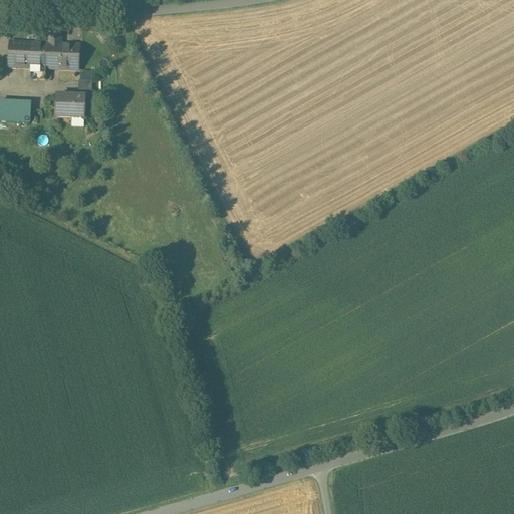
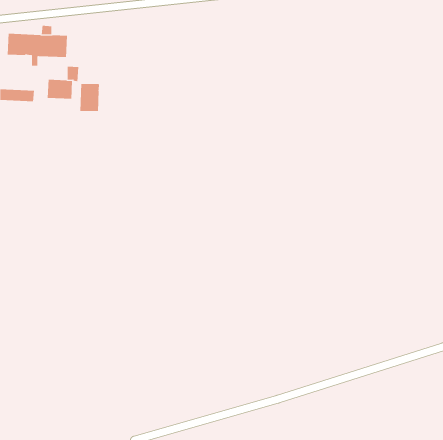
building: none -> [80,83,100,112]

